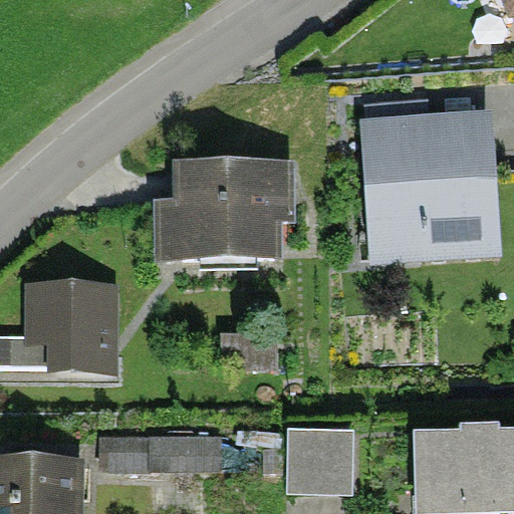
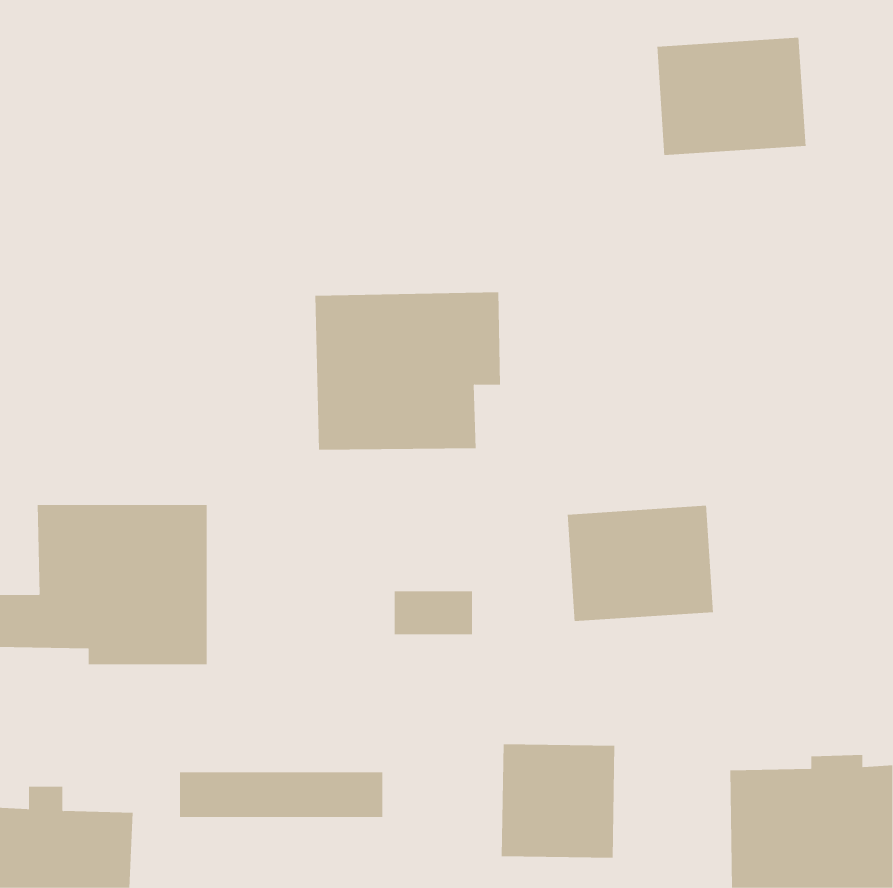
building: none -> [657,37,806,156]
building: [365,122,494,253] -> none
building: none -> [567,505,714,622]

